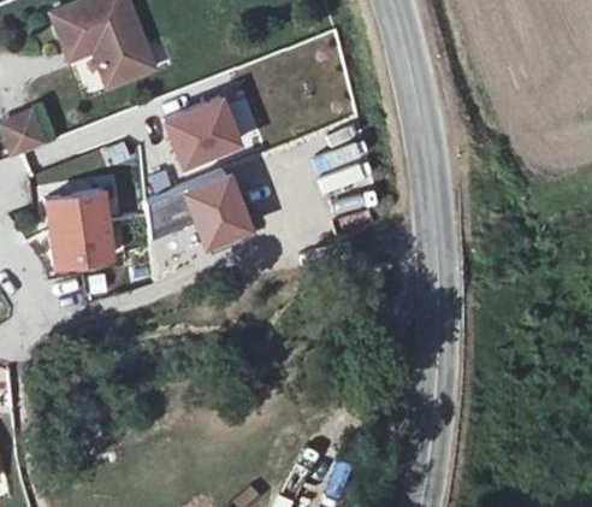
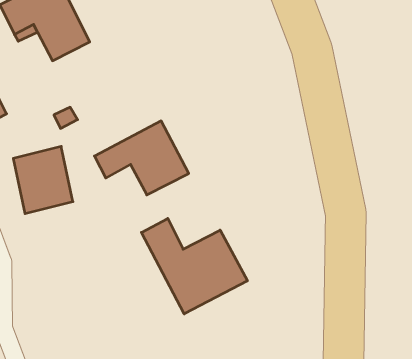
building: [160,96,245,175] -> none
building: none -> [141,218,247,314]

